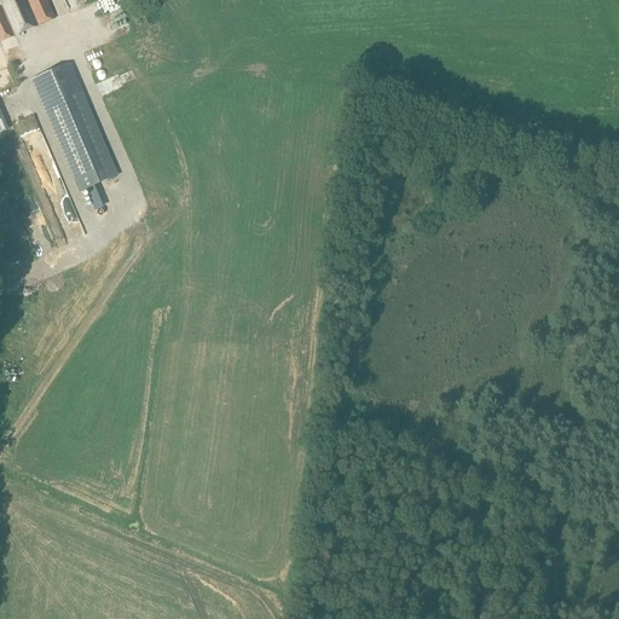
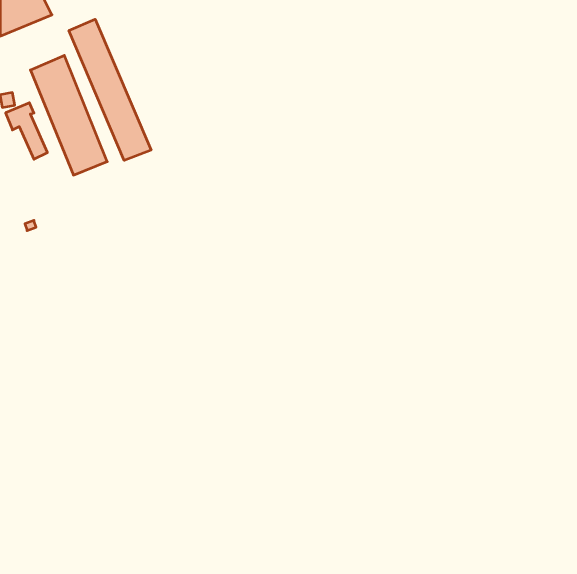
building: none -> [69,19,151,160]

